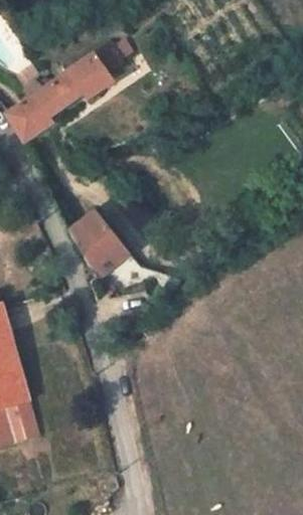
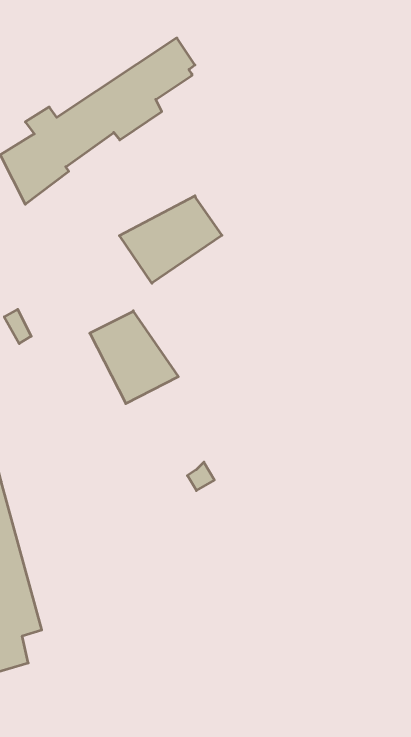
building: none -> [119,196,222,283]

